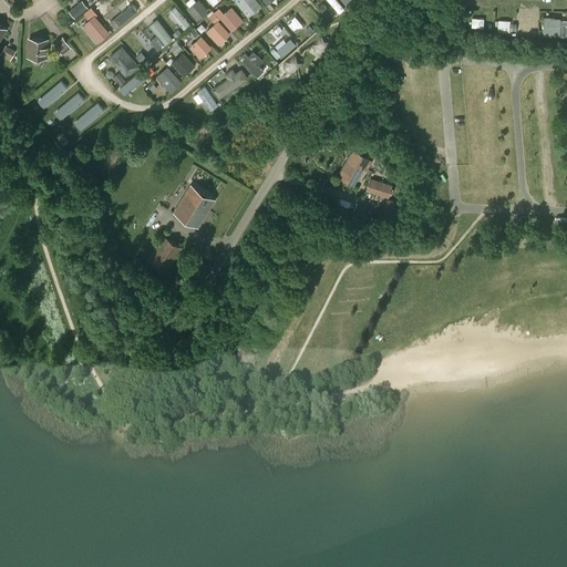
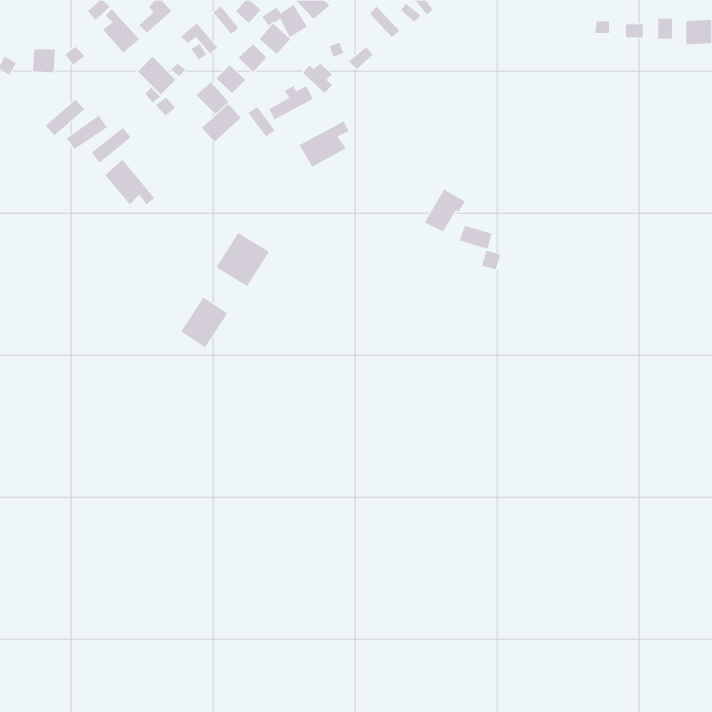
building: none -> [201,103,242,142]
building: none -> [299,121,349,168]
building: none -> [105,159,155,205]

